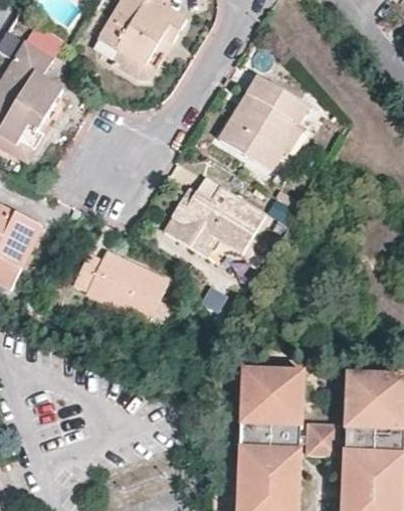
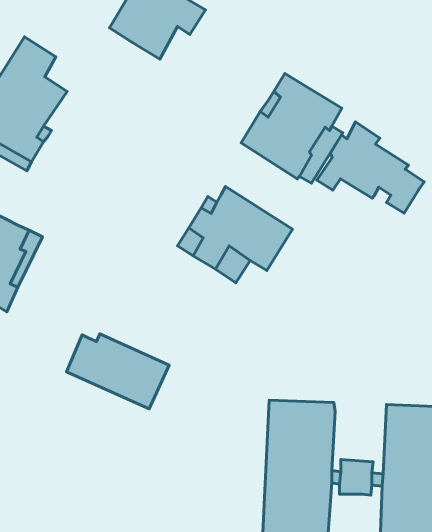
building: [113,31,174,78] -> none
building: none -> [317,122,424,213]
building: [73,249,166,317] -> [66,334,169,409]

